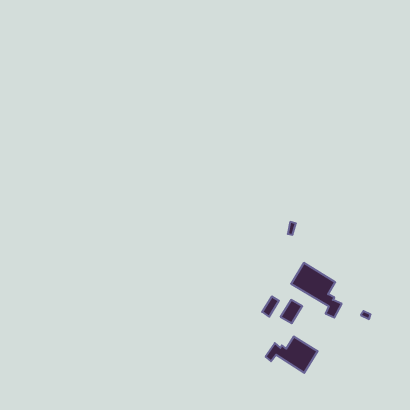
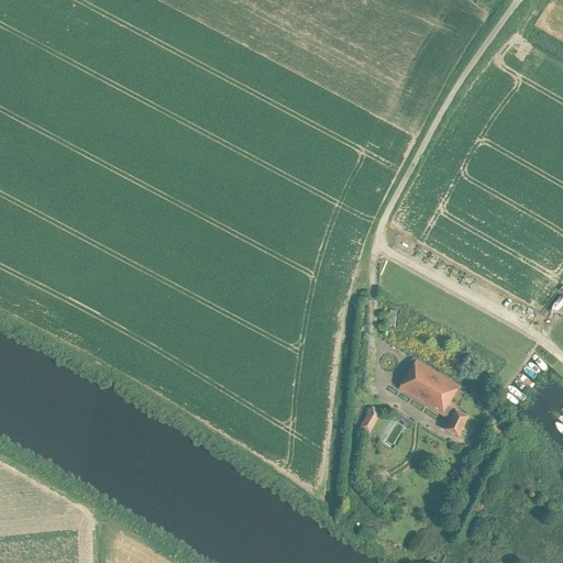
building: [266,336,318,373] -> none

